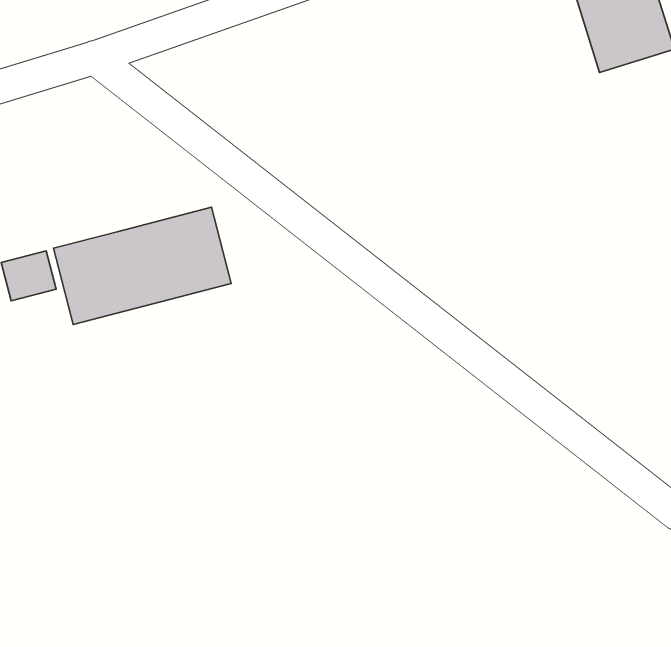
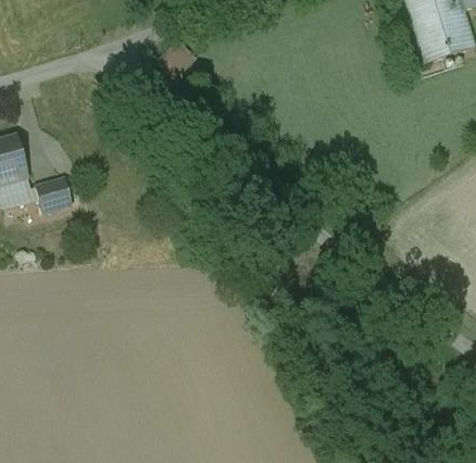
building: [53,207,231,325] -> none

